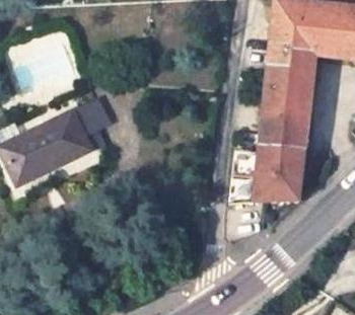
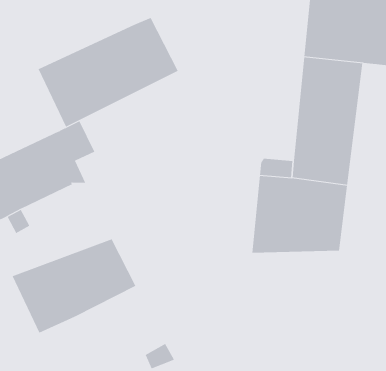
building: none -> [38,17,178,128]
building: none -> [12,239,136,334]

